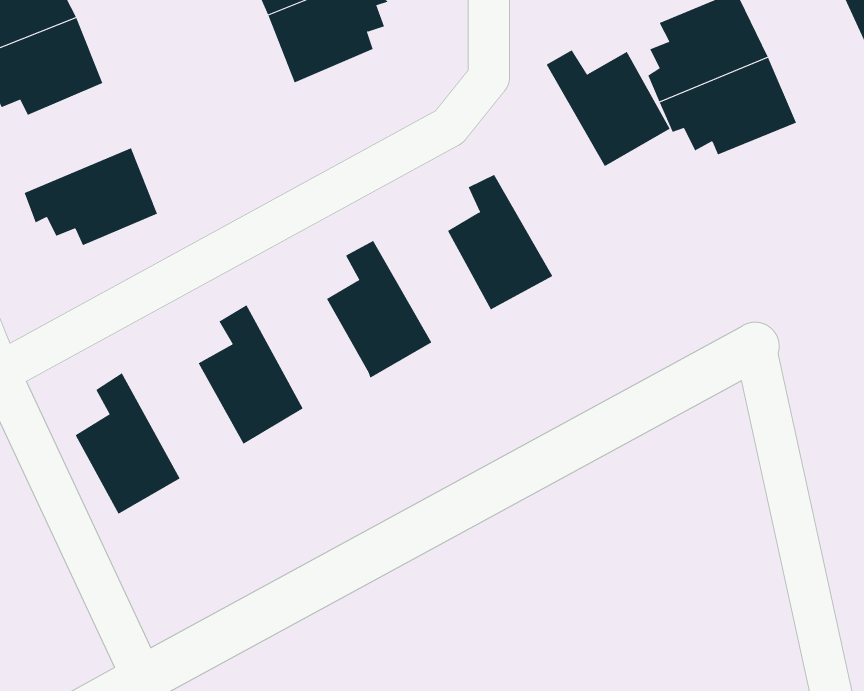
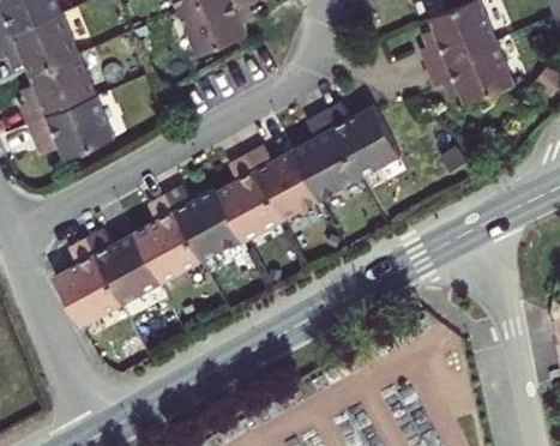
building: [546,49,671,167] -> [324,103,403,177]
building: none -> [18,55,94,125]
building: none -> [247,145,321,219]
building: none -> [167,186,243,261]
building: none -> [88,230,164,306]

